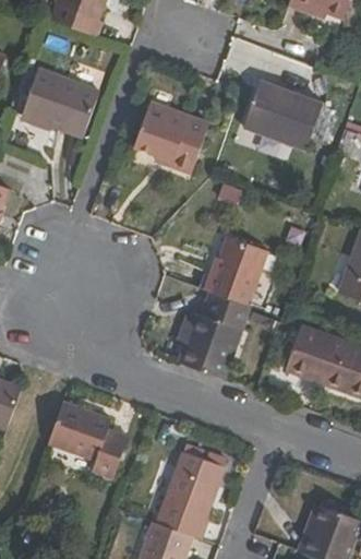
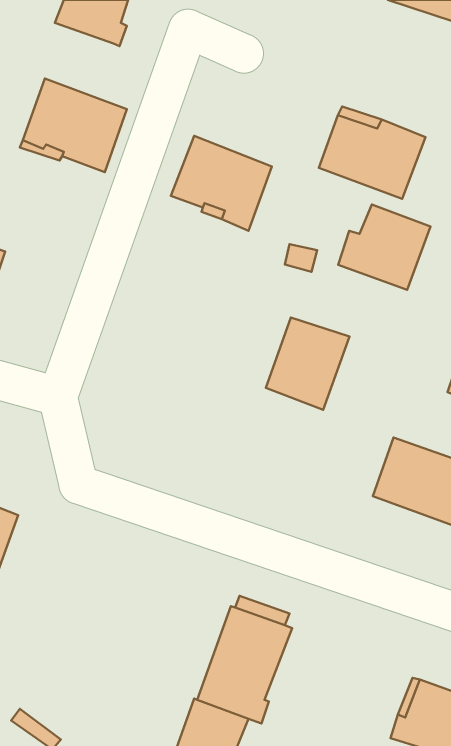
building: none -> [338,205,431,290]
building: [177,290,248,380] -> none
building: [46,403,127,478] -> none

